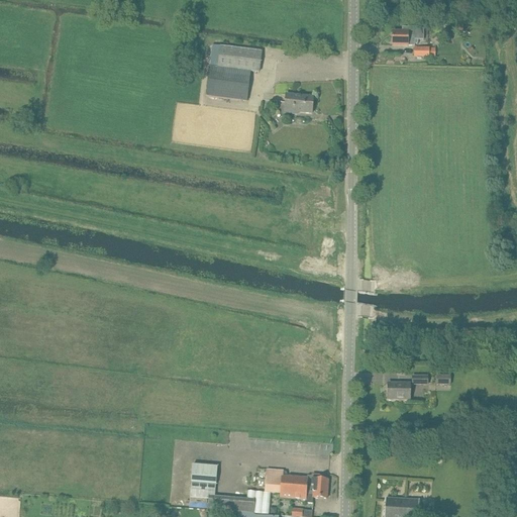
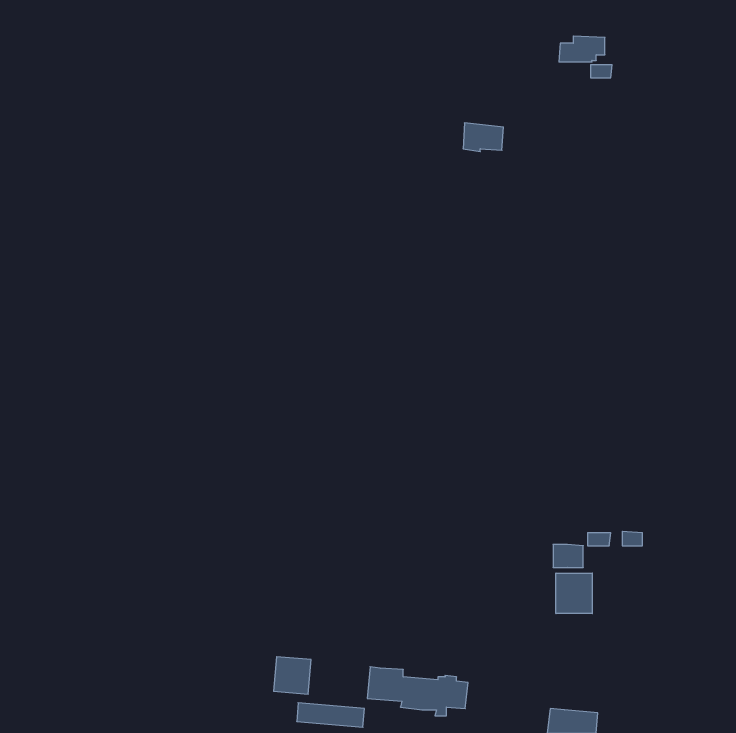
building: [206,44,262,100] -> none
building: [285,93,313,113] -> [463,123,503,152]
building: none -> [556,573,592,614]

